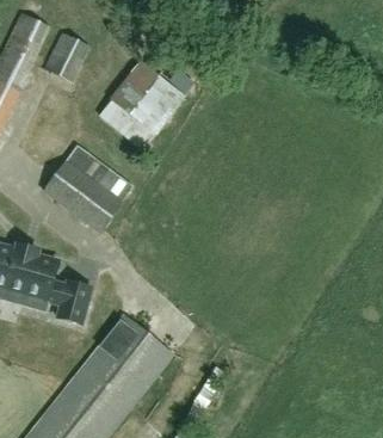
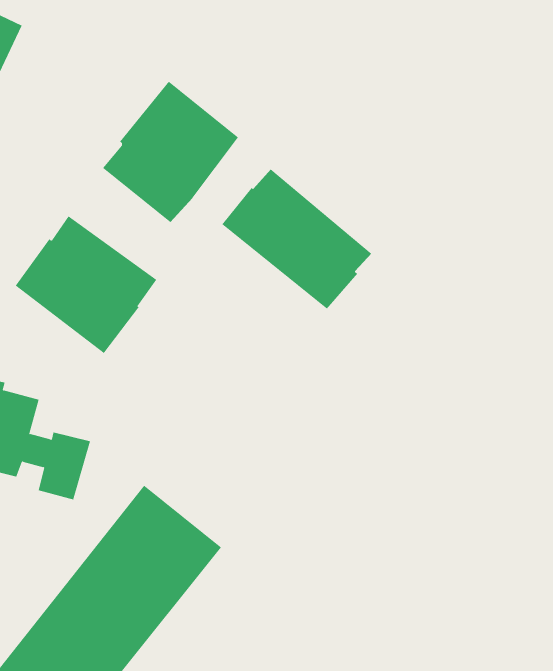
building: [44,33,89,82] -> none
building: none -> [221,168,372,309]

